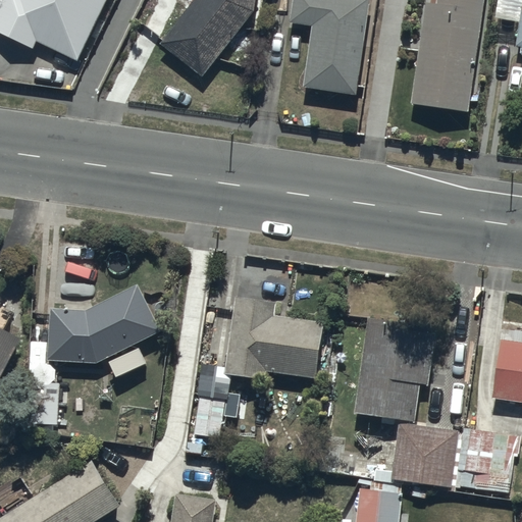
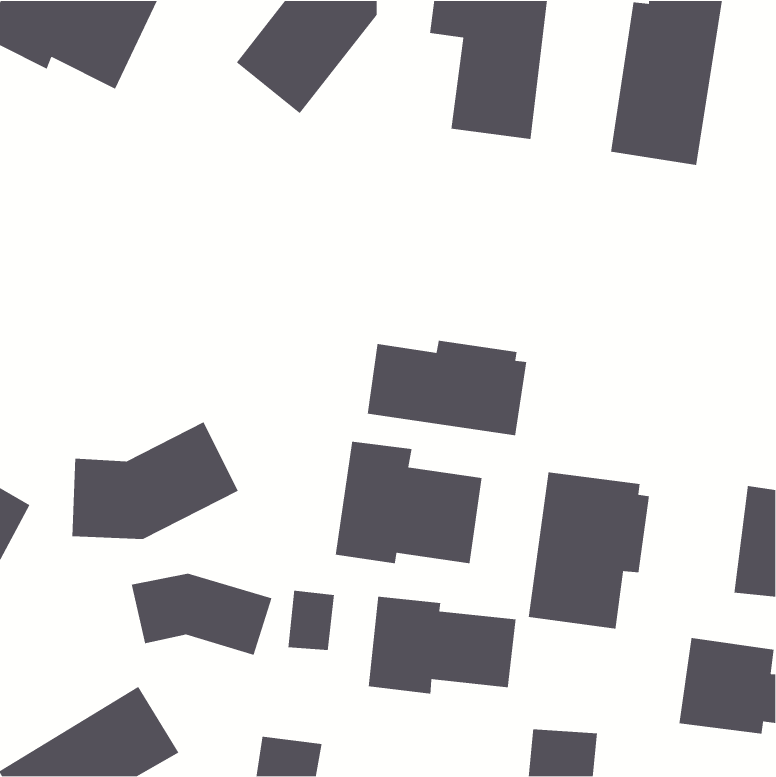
building: none -> [367,340,527,436]
building: none -> [131,573,273,656]
building: none -> [368,596,517,695]
building: [390,422,458,485] -> none

